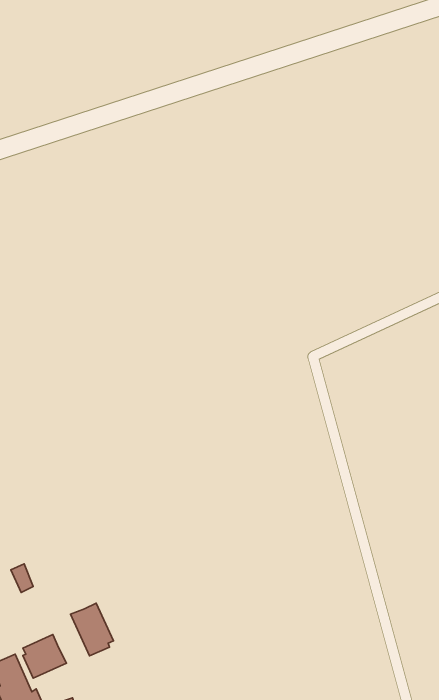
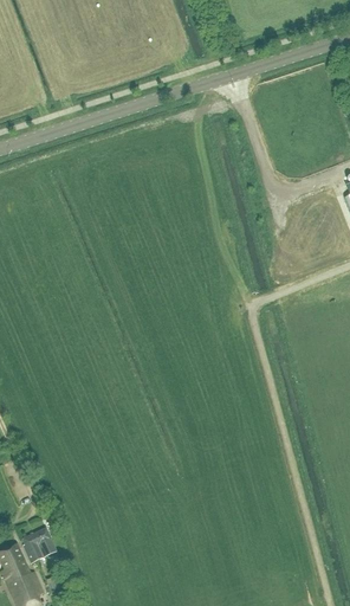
building: [70,603,114,656] -> none

